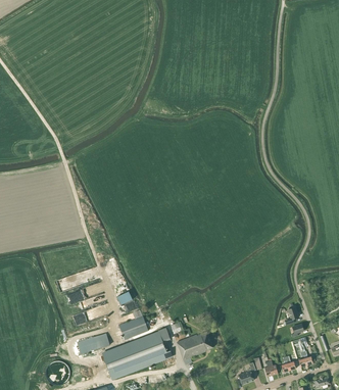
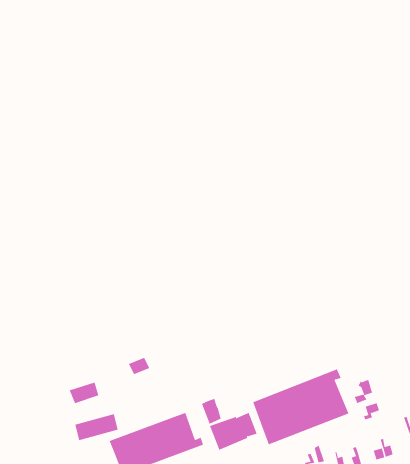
building: none -> [253,369,349,445]
building: [119,315,148,339] -> none

